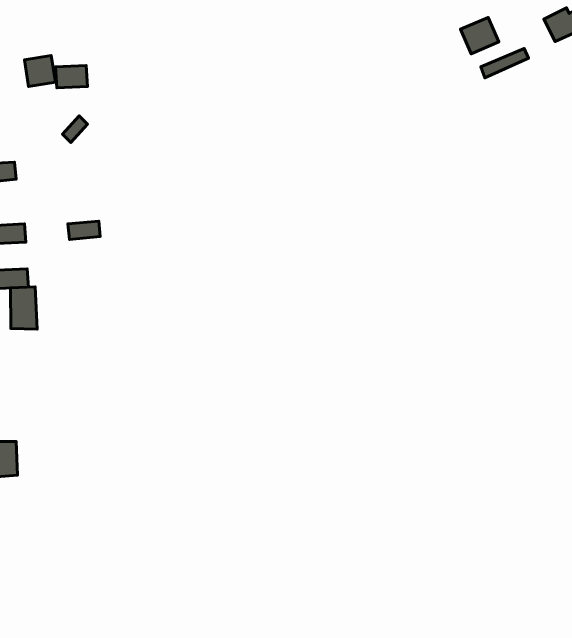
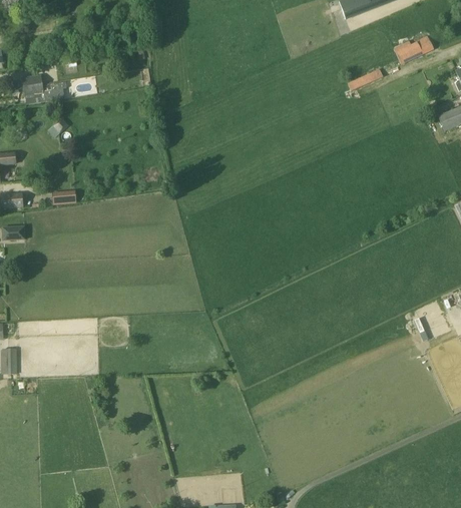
building: [461,17,499,54] -> none
building: [11,287,37,329] -> none

